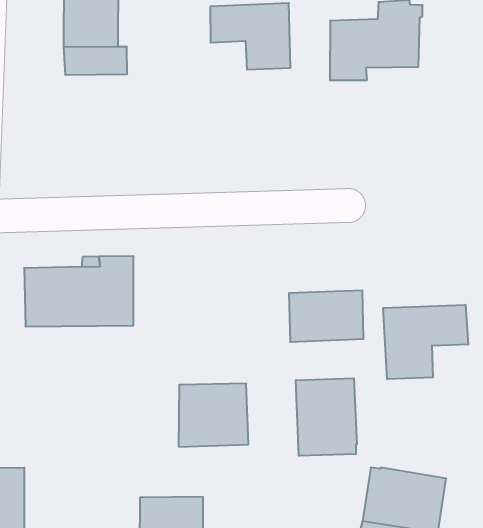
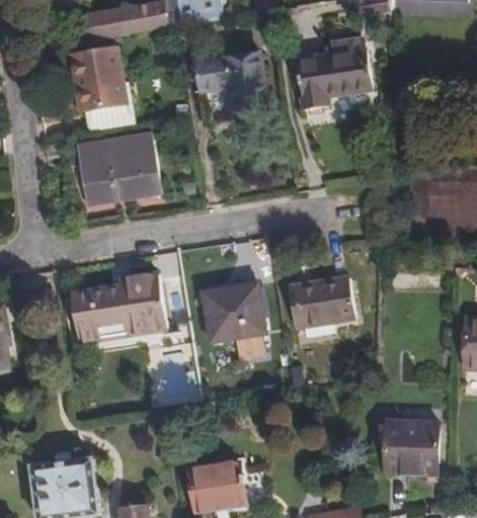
building: none -> [78,134,160,203]
building: [383,305,468,379] -> none
building: [296,378,357,456] -> none
building: [179,384,248,447] -> [204,283,266,342]

